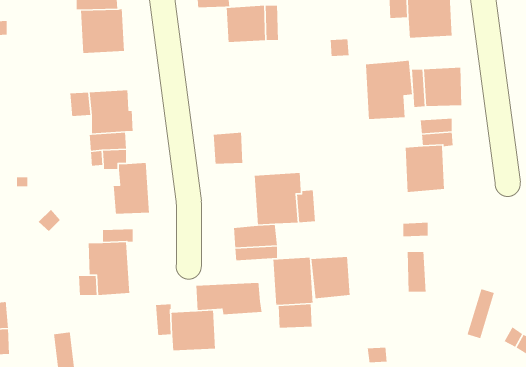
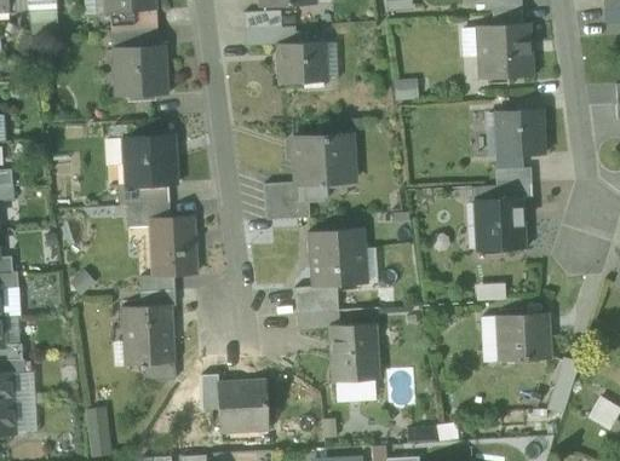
building: [365,60,413,120] -> none
building: none -> [295,134,352,183]
building: none -> [500,313,549,362]
building: [310,256,350,299] -> none
building: [196,282,262,315] -> none

